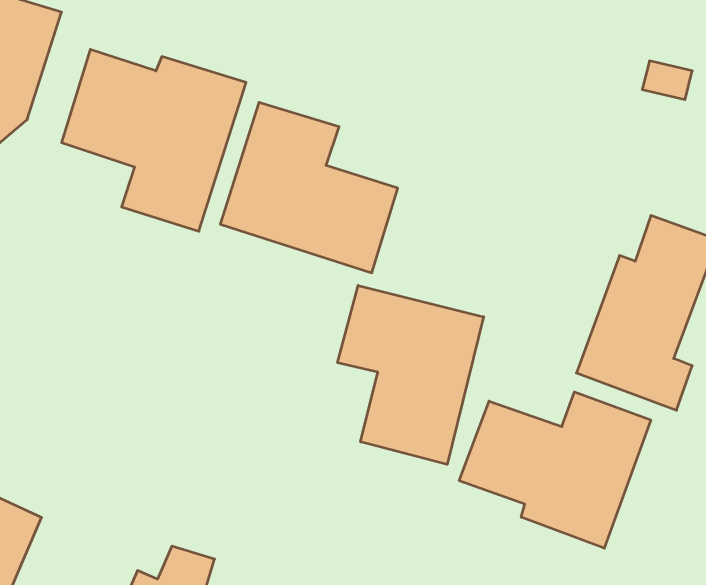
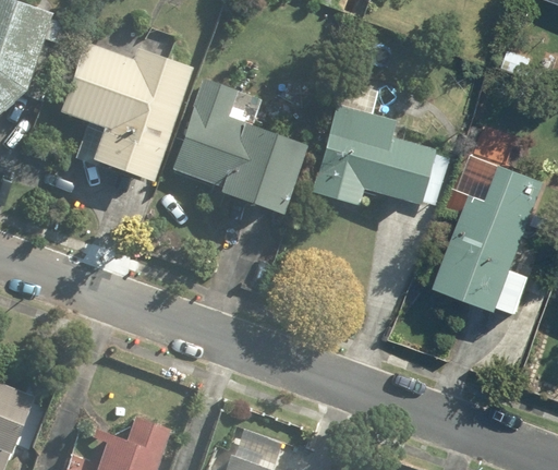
building: none -> [310,77,439,202]
building: [338,285,484,464] -> none
building: [459,392,651,548] -> none

